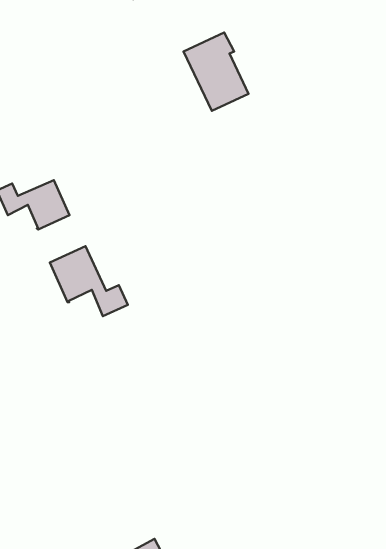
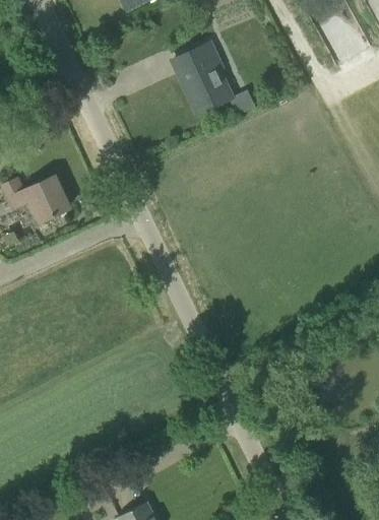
building: [50,246,128,316] -> none

